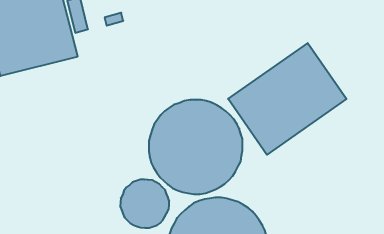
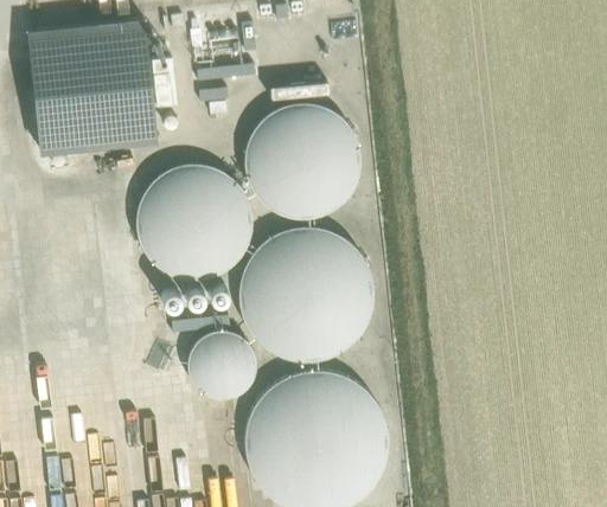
building: none -> [244,103,360,219]
building: [228,43,346,155] -> none
building: none -> [135,163,251,280]

